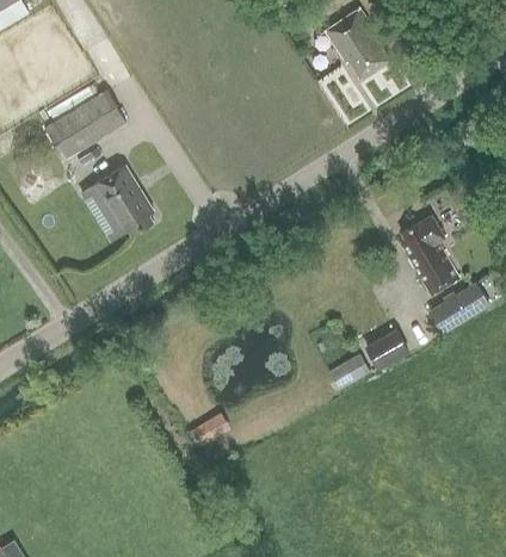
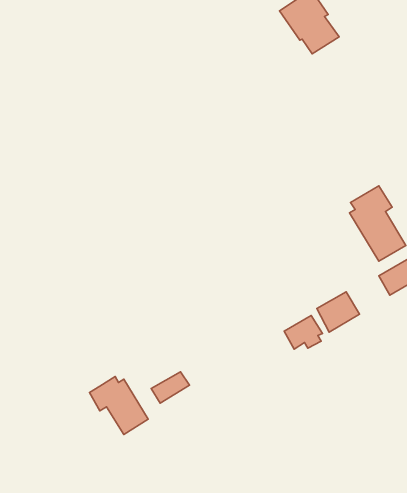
building: [43,89,124,157] -> none
building: [93,163,152,233] -> none
building: none -> [89,377,148,435]

